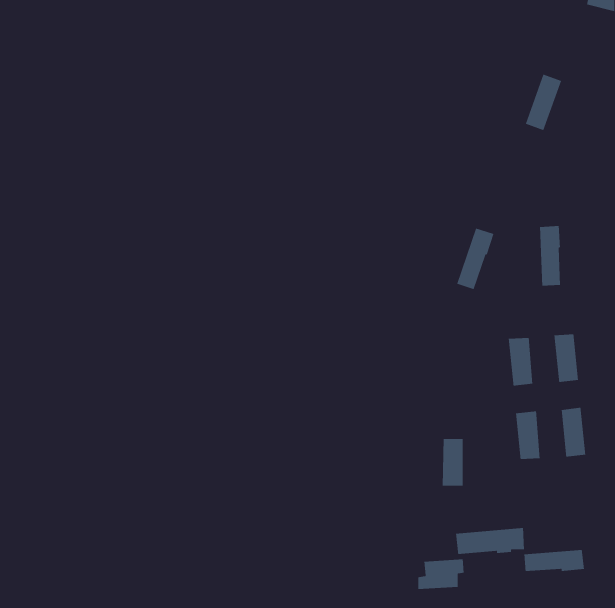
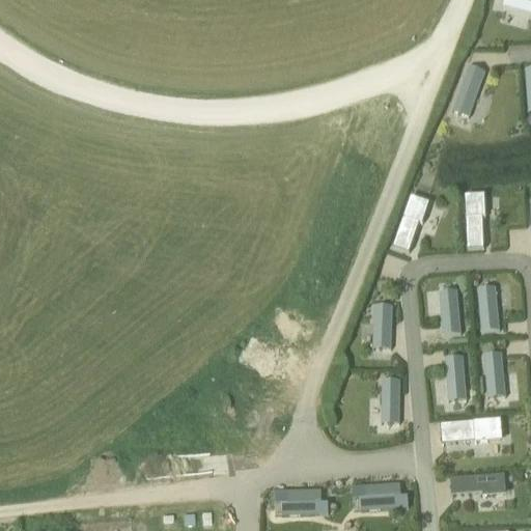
building: none -> [372,303,392,344]
building: [455,527,525,555] -> [440,417,500,441]
building: none -> [280,487,322,513]

